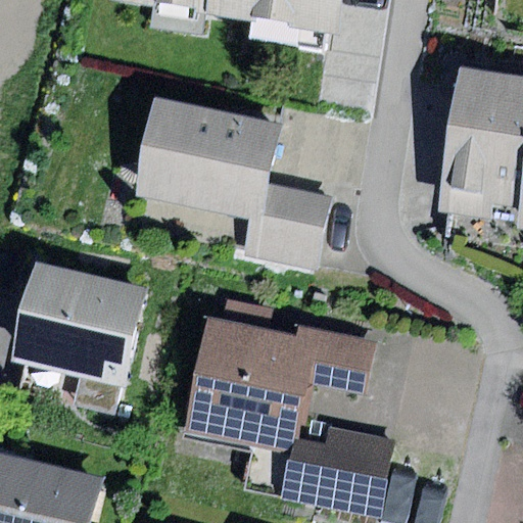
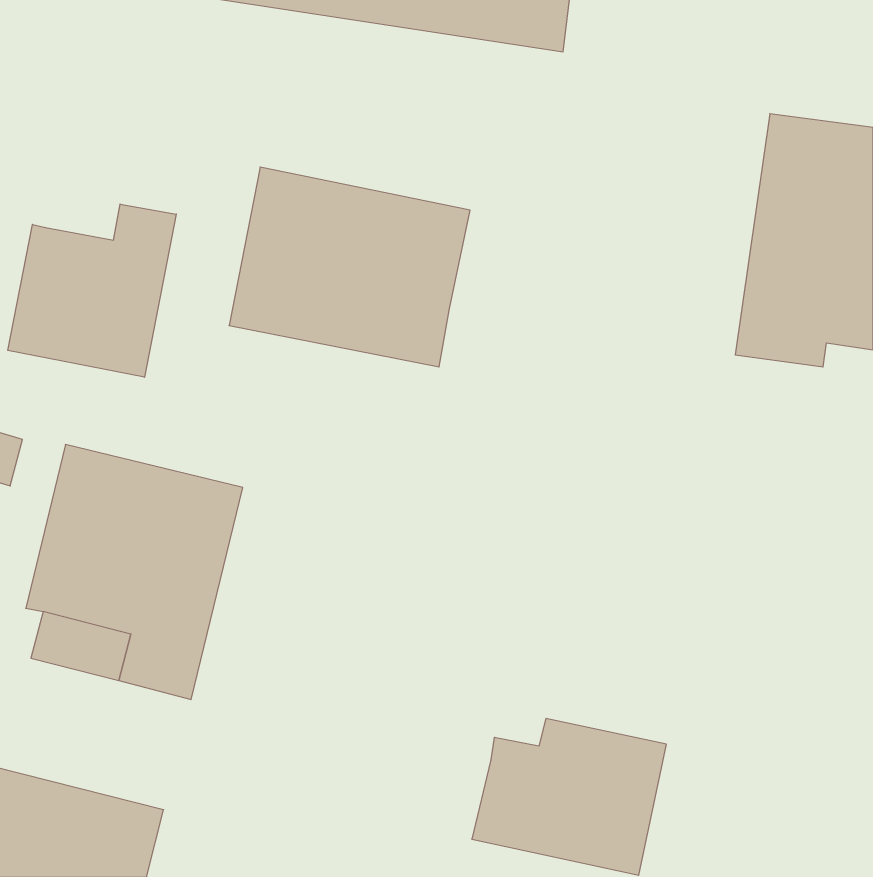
building: none -> [8,204,176,377]
building: [252,183,330,269] -> none
building: [184,319,373,450] -> none

